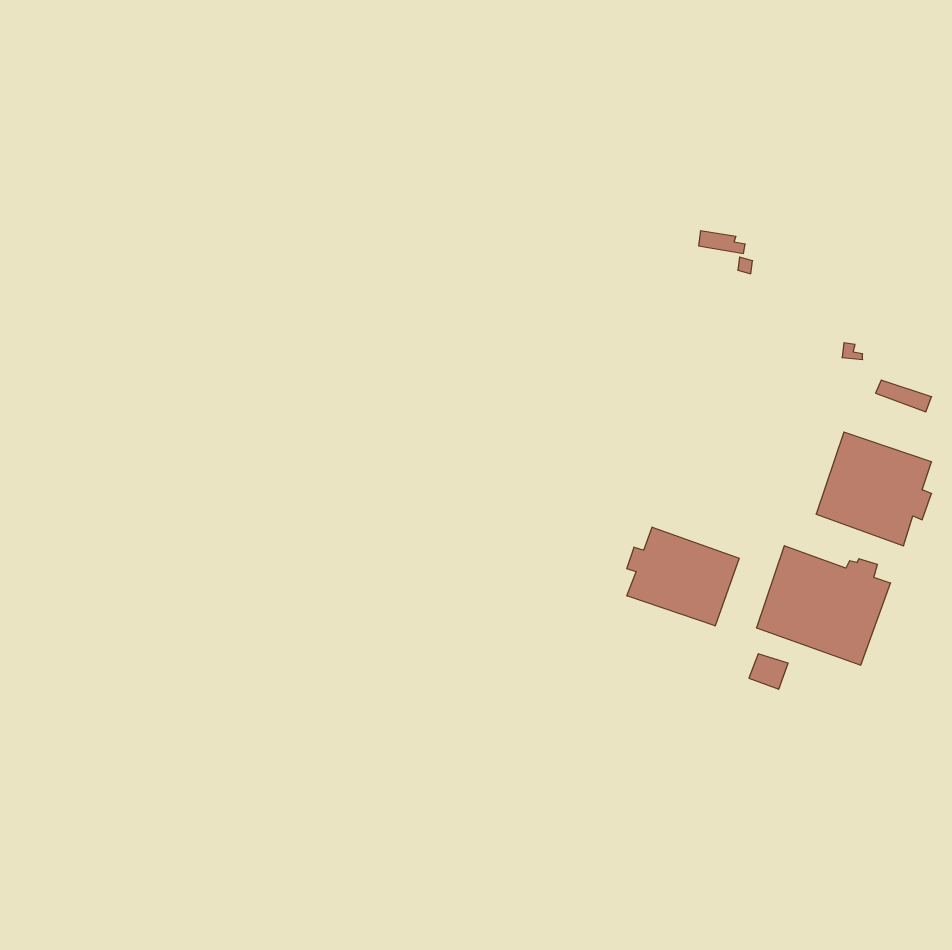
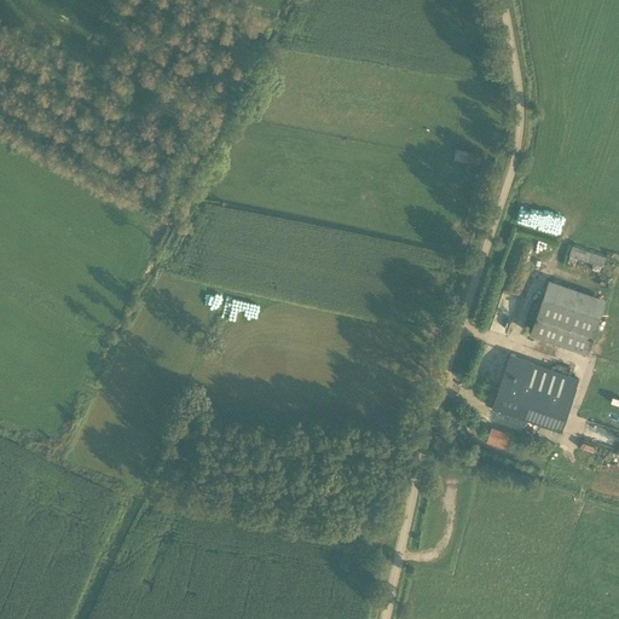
building: [627,527,739,626] -> none

